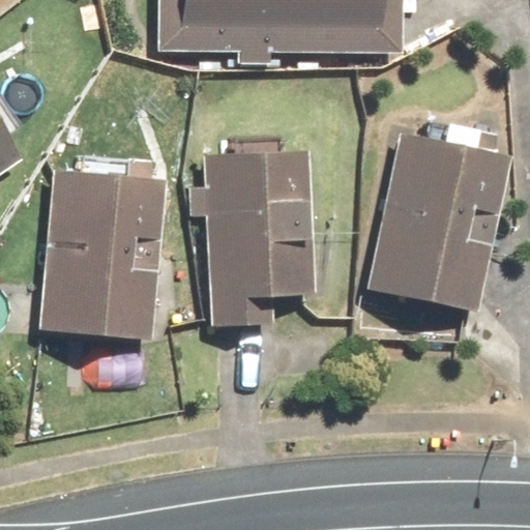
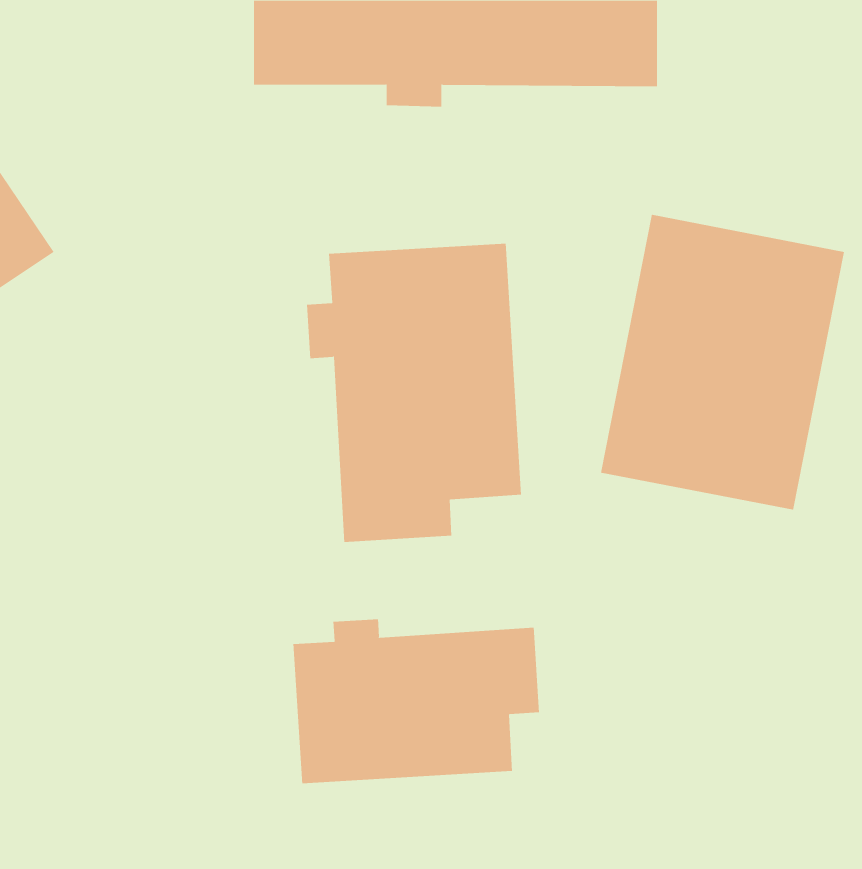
building: [38,169,167,340] -> none
building: none -> [293,618,539,784]

